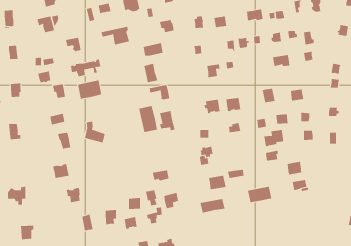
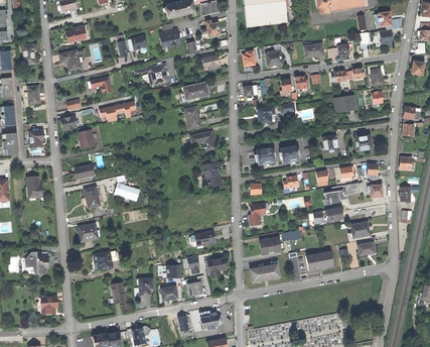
building: [78,80,102,99] -> none
building: [139,105,158,133] -> none

